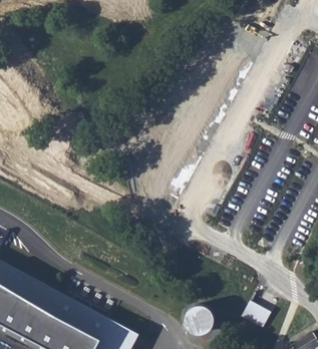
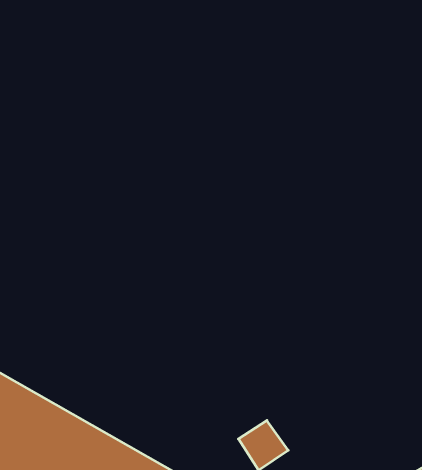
building: [239,297,271,326] -> none

